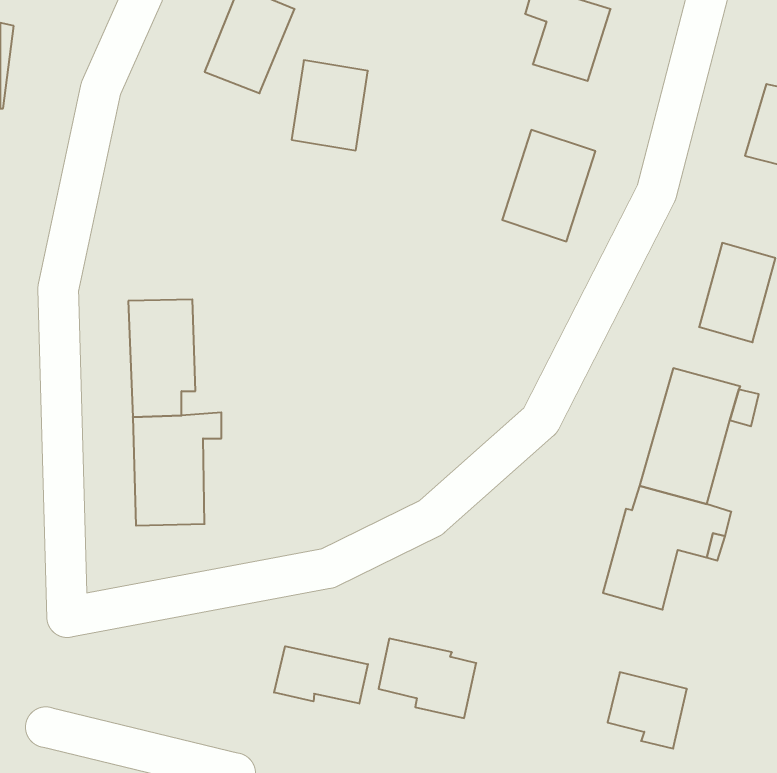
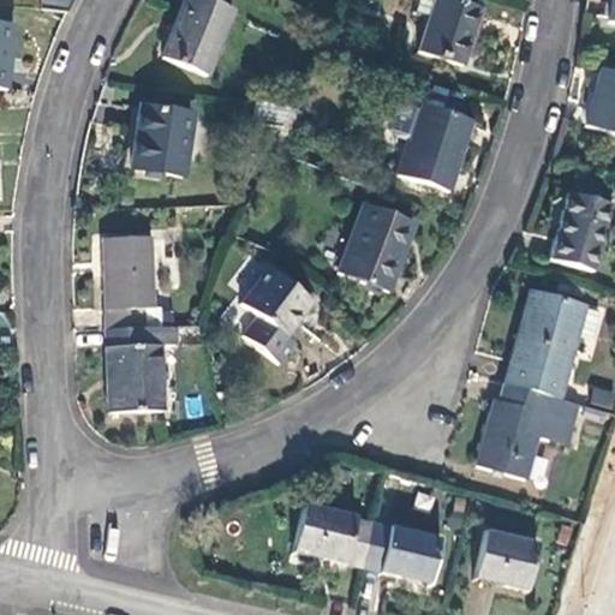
building: [292,60,368,150] -> [133,103,193,174]
building: none -> [339,203,416,291]
building: none -> [240,269,310,362]
building: [274,646,368,704] -> none
building: none -> [368,521,446,574]

